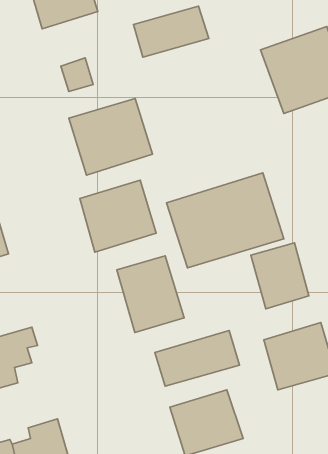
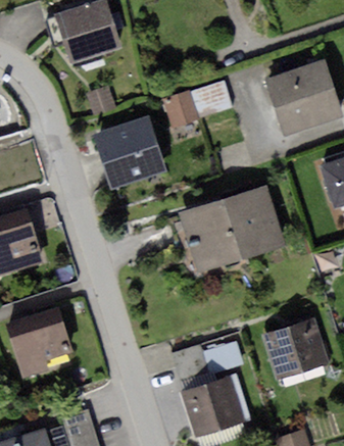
building: [133,6,209,57] -> [165,80,232,125]
building: [80,180,156,252] -> none
building: [251,243,309,309] -> none
building: [117,256,184,332] -> none

